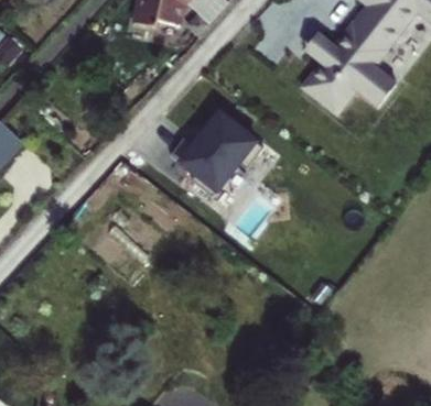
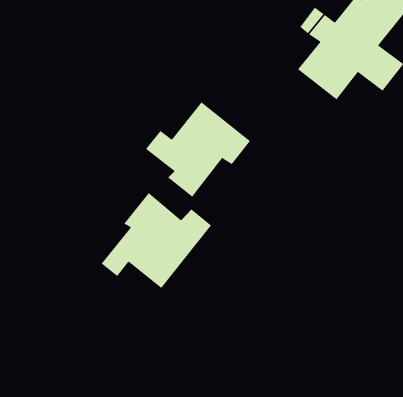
building: none -> [101,192,212,289]

